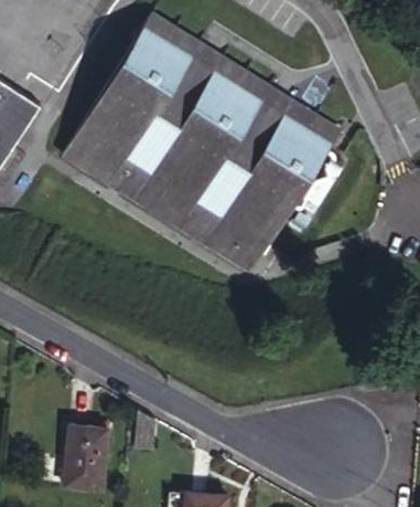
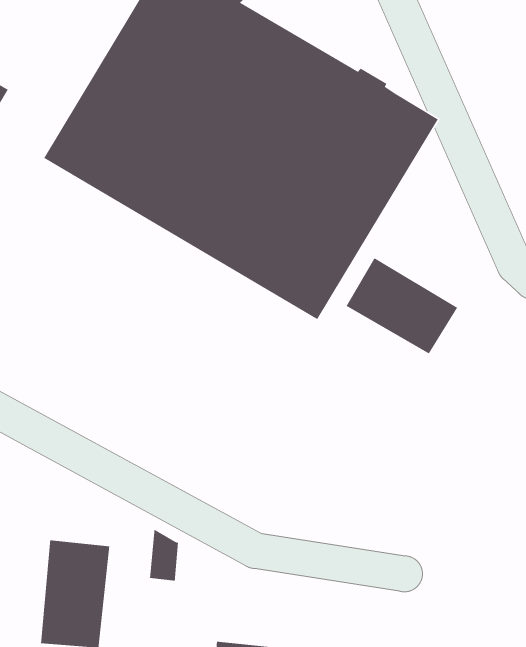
building: none -> [345,257,458,355]

